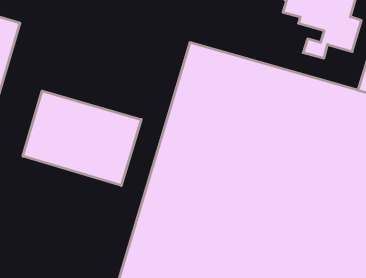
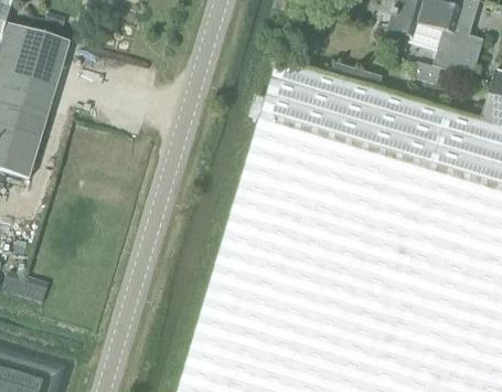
building: [23,91,141,186] -> none

